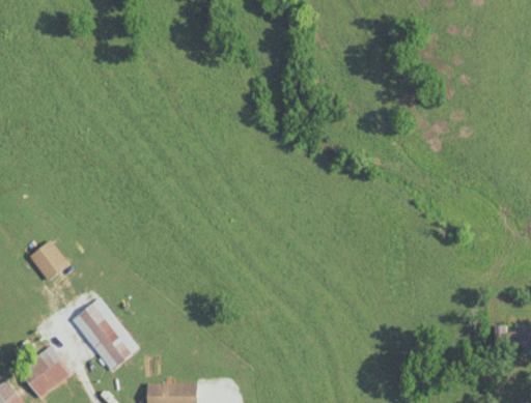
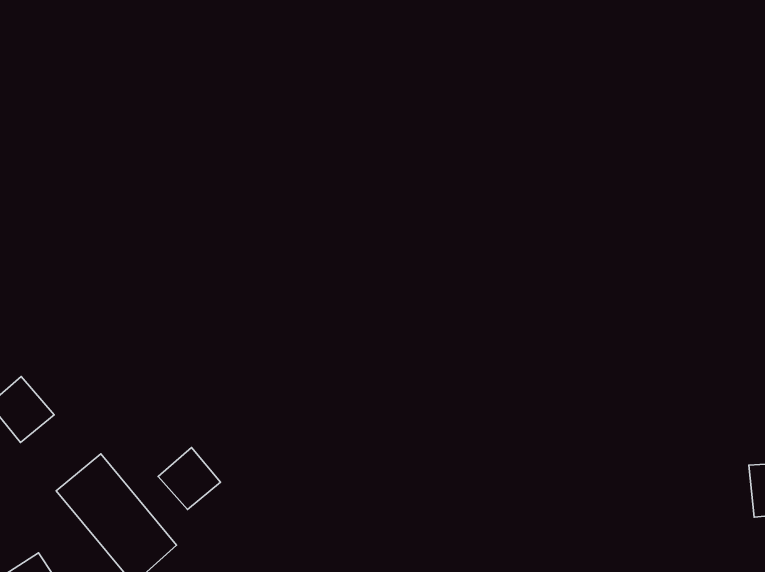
building: none -> [158,447,220,510]

